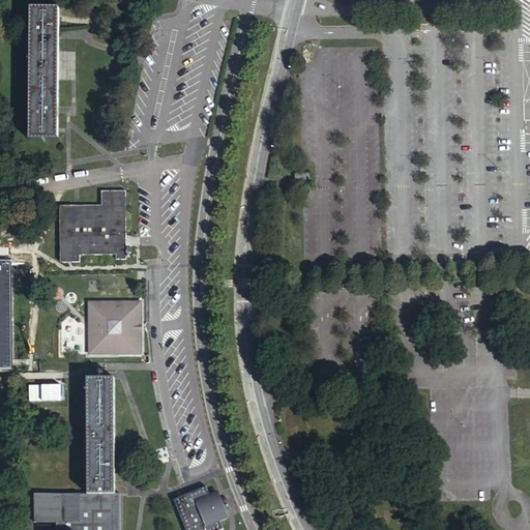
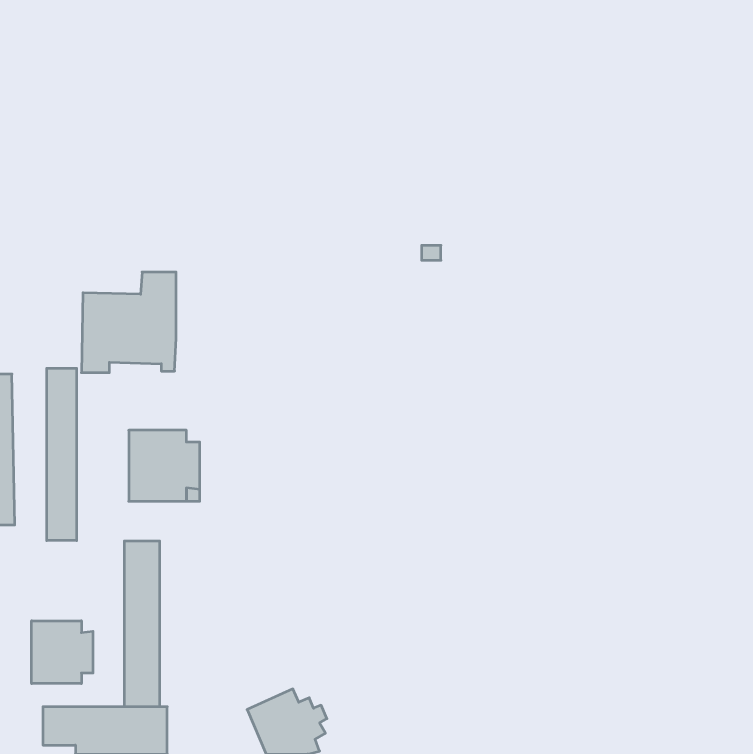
building: [28,6,58,137] -> none
building: none -> [47,368,77,541]
building: none -> [32,621,93,684]

